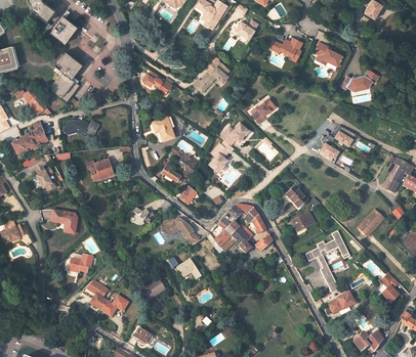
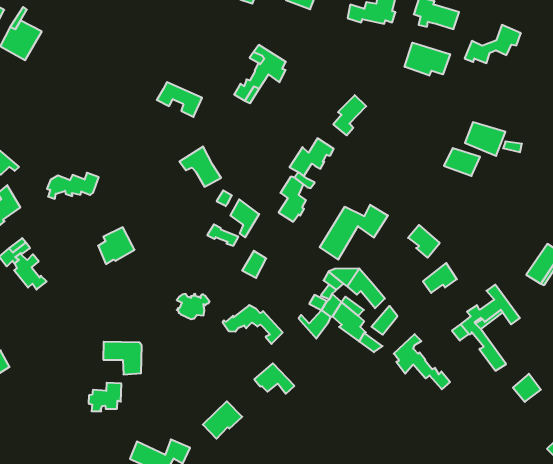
building: [48,52,82,103] -> none
building: none -> [405,43,450,76]
building: none -> [320,205,388,260]
building: [51,210,77,233] -> [103,342,142,374]
building: none -> [394,334,450,389]

